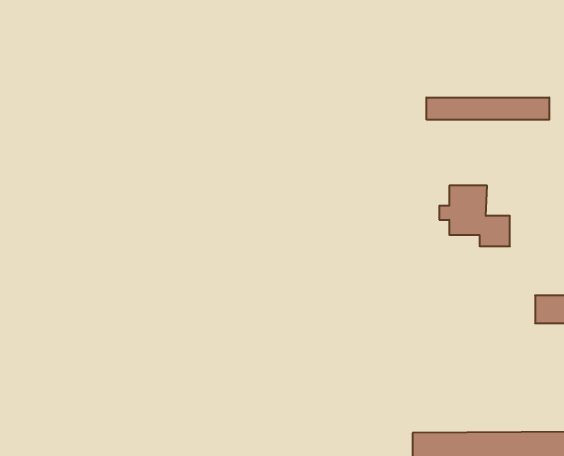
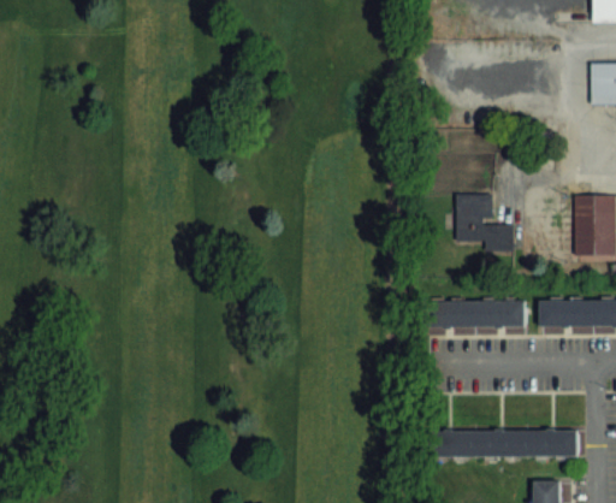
building: [426,97,549,120] -> none
building: none -> [421,302,526,329]

